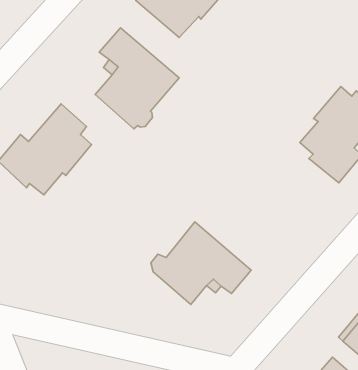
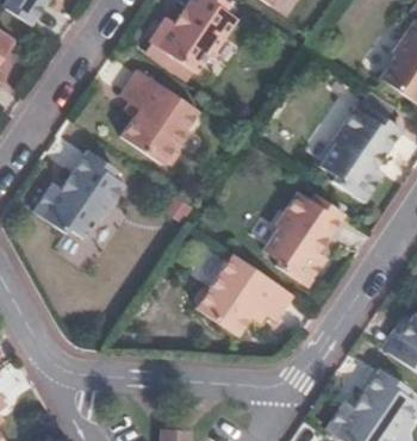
building: none -> [264,192,343,285]

